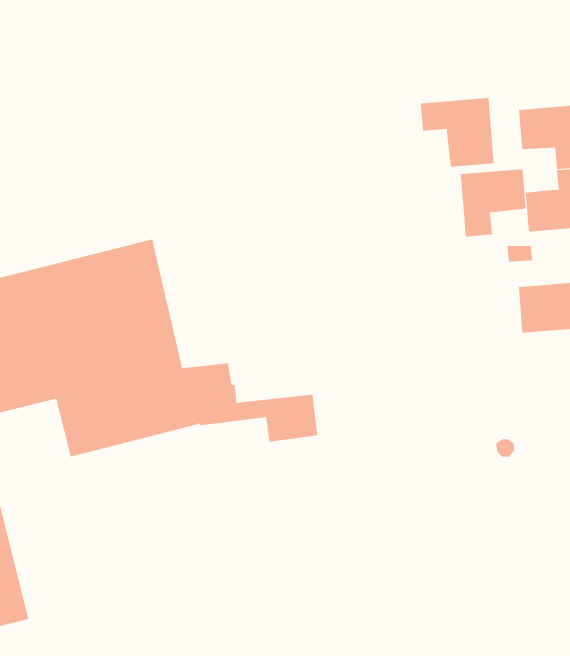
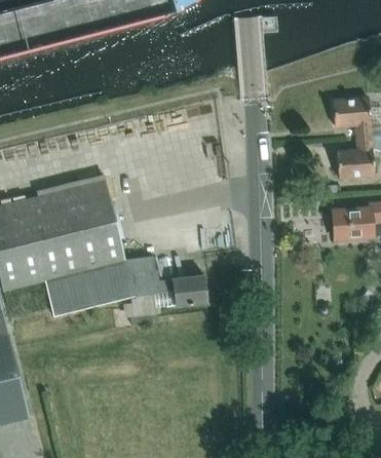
building: [420,97,494,167] -> none
building: [460,169,526,237] -> none

